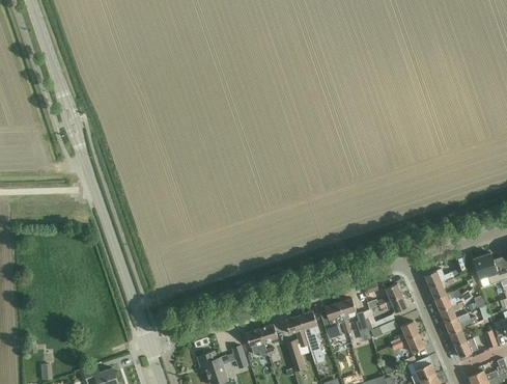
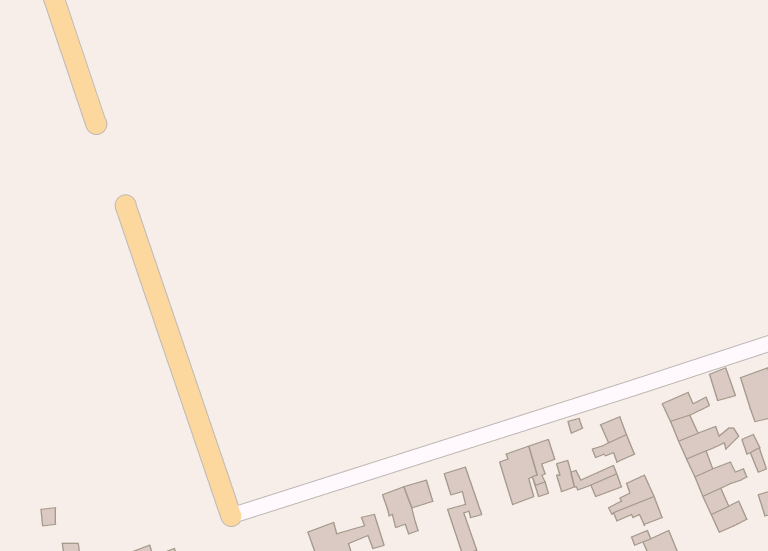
building: [299,312,325,363] -> none

